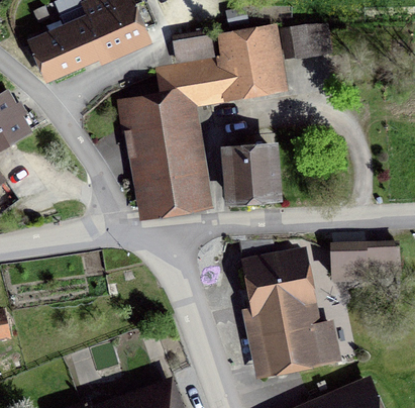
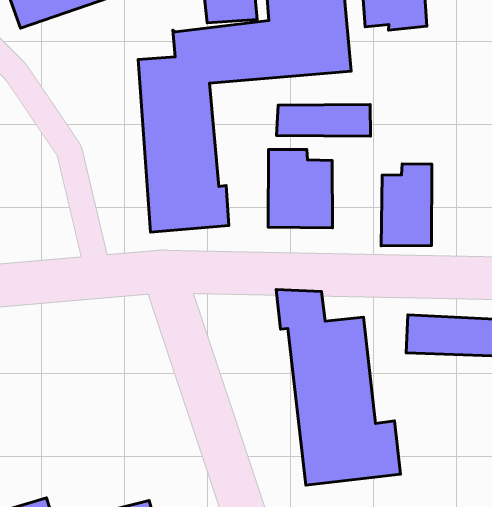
building: none -> [277,104,370,136]
building: none -> [381,164,432,246]

